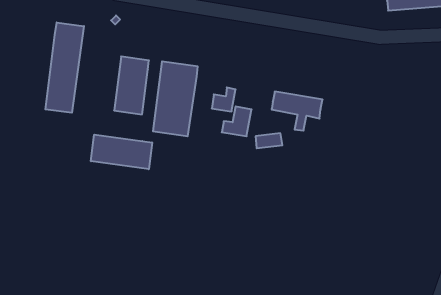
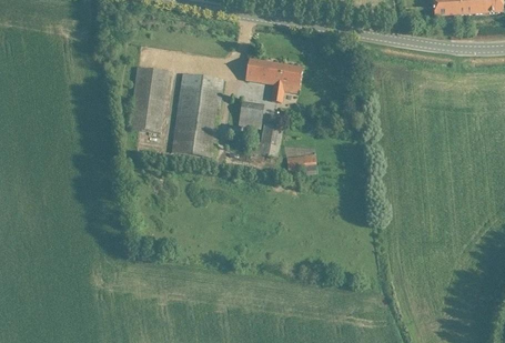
building: [45,22,84,113] -> none
building: [272,92,323,131] -> [246,58,303,101]
building: [91,135,152,169] -> none

